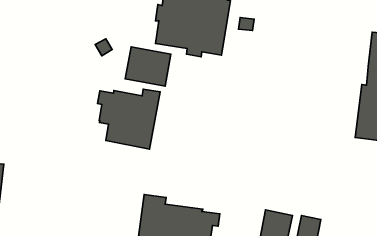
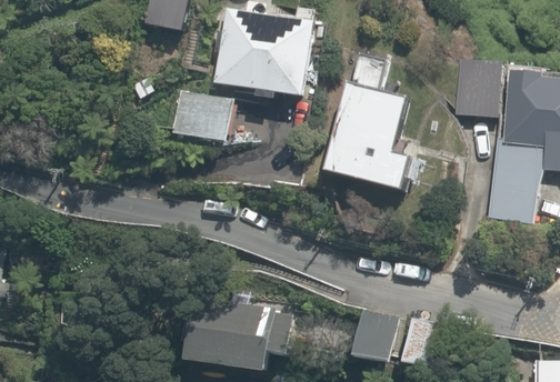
building: none -> [320,54,413,197]
building: none -> [452,58,504,119]
building: [98,89,160,149] -> none

